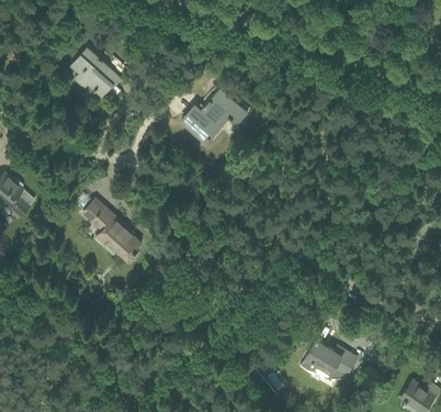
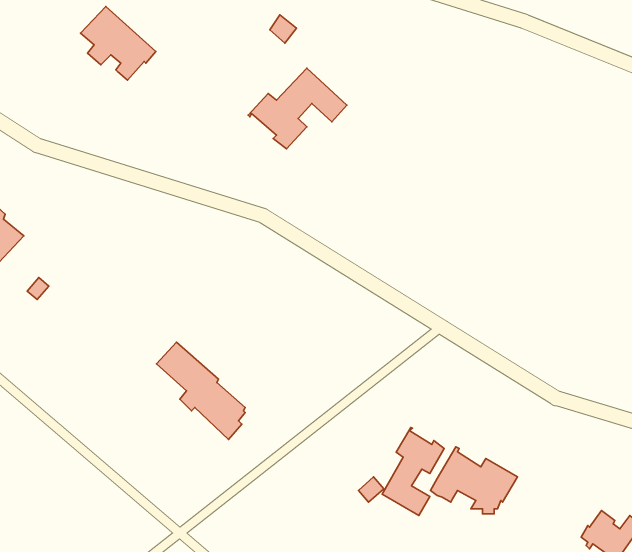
building: [82,199,140,263] -> [156,342,245,439]
building: none -> [382,427,444,515]

